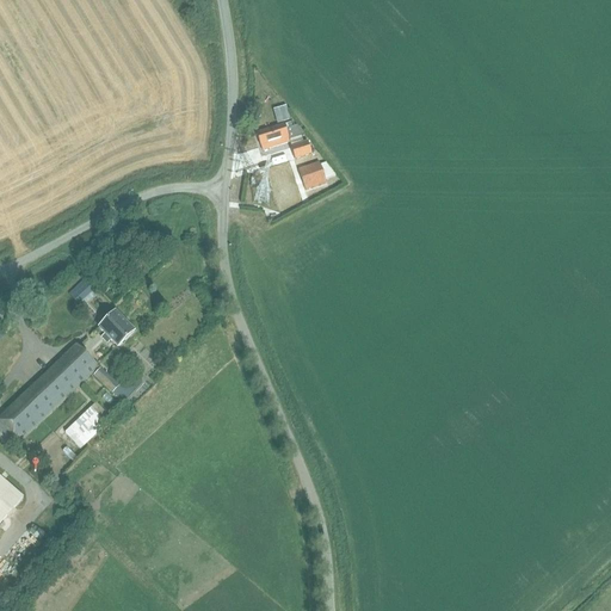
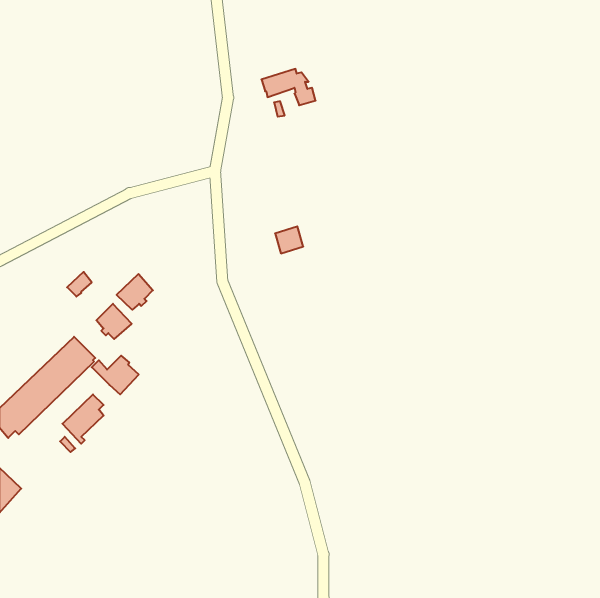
building: [255,119,310,156] -> [261,69,316,105]
building: [297,161,326,189] -> [275,226,303,253]
building: none -> [117,274,153,310]

